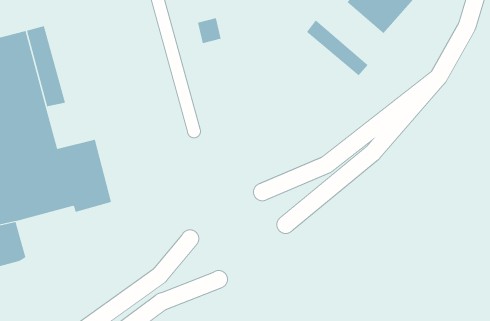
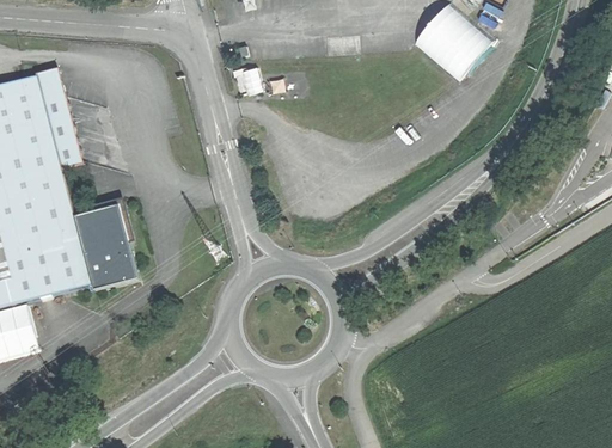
building: [306,20,368,76] -> none

